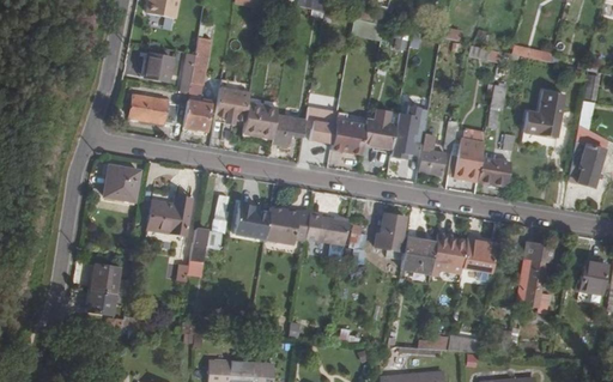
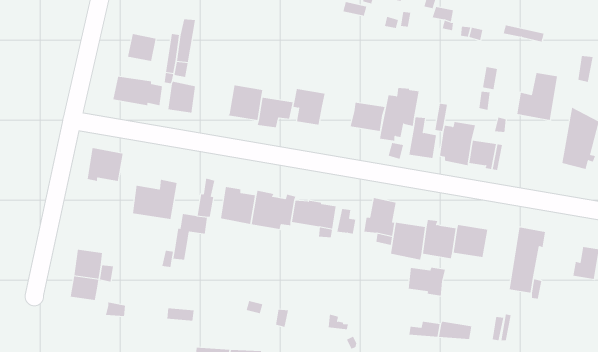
building: [214,90,249,132] -> none
building: [330,123,365,154] -> none
building: none -> [408,267,446,296]

